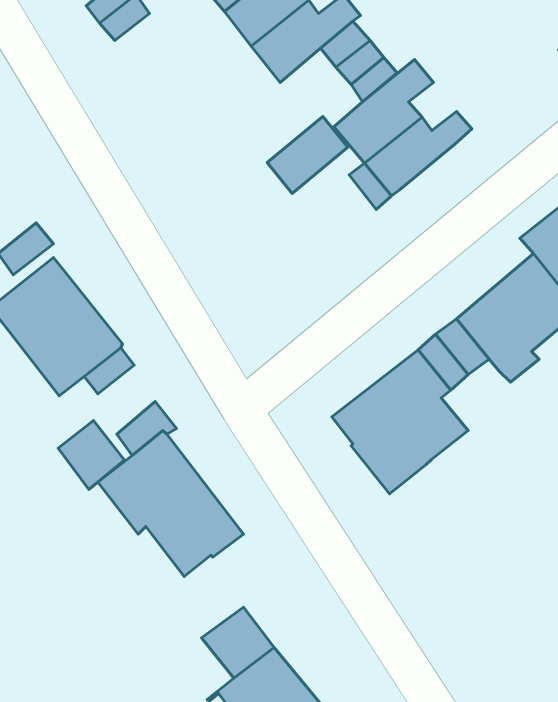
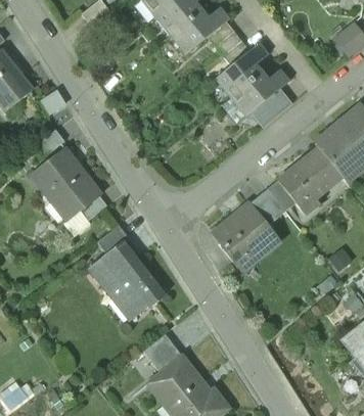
building: [267,117,348,193] -> [247,88,290,129]
building: [58,421,124,489] -> none

